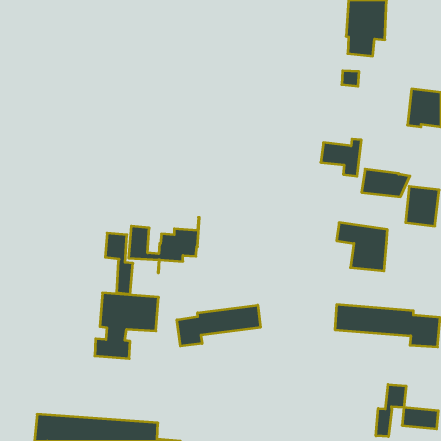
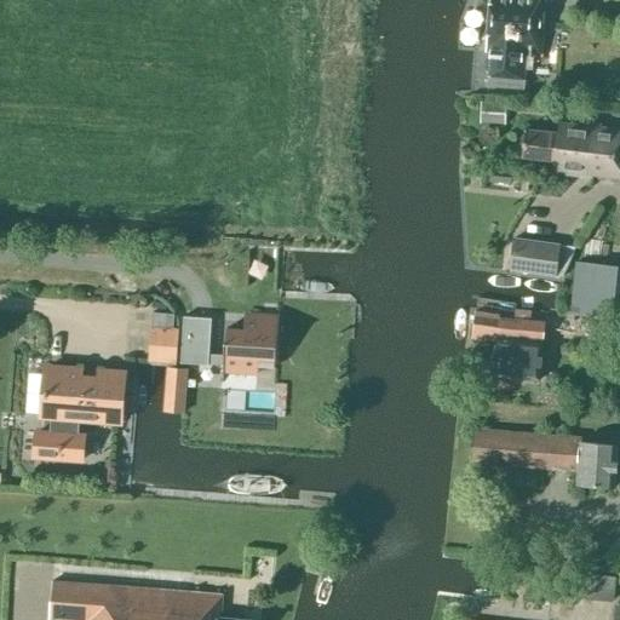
building: [321,139,361,176] -> [521,124,578,176]
building: [95,293,159,359] -> [34,368,124,460]
building: [177,305,260,346] -> none
building: [376,384,406,437] -> none

